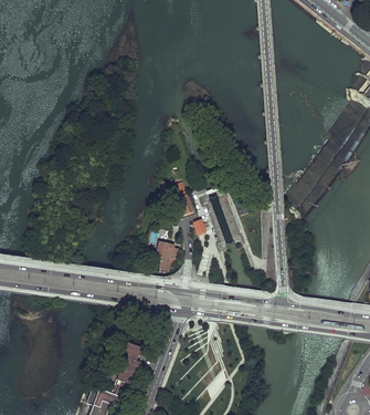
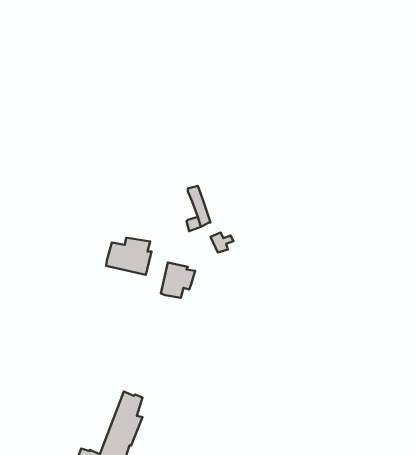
building: none -> [106,238,151,275]

